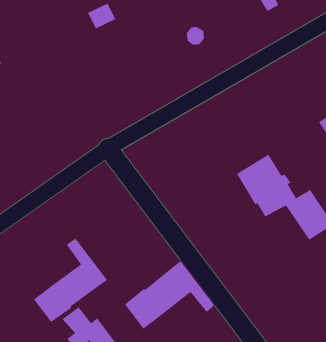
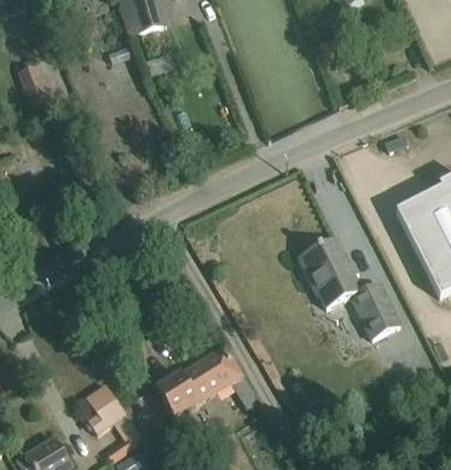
building: [33,238,108,323] -> none

